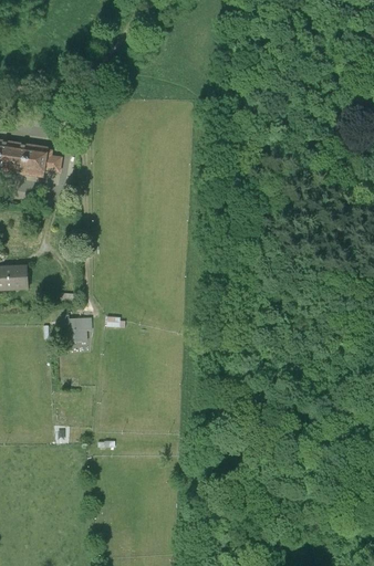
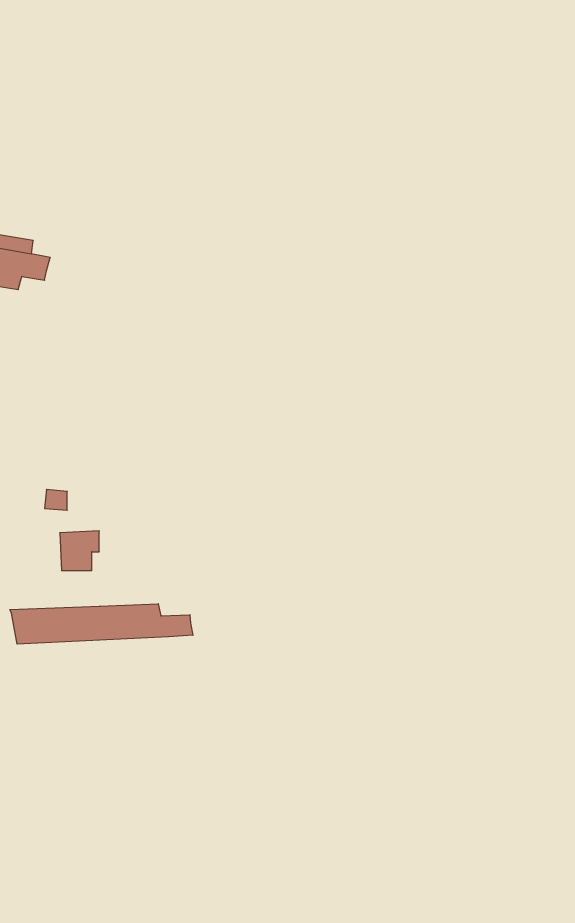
building: none -> [10,604,193,644]

